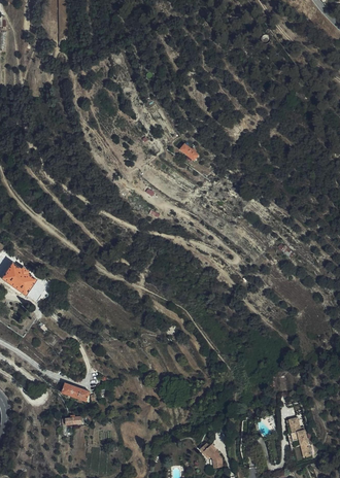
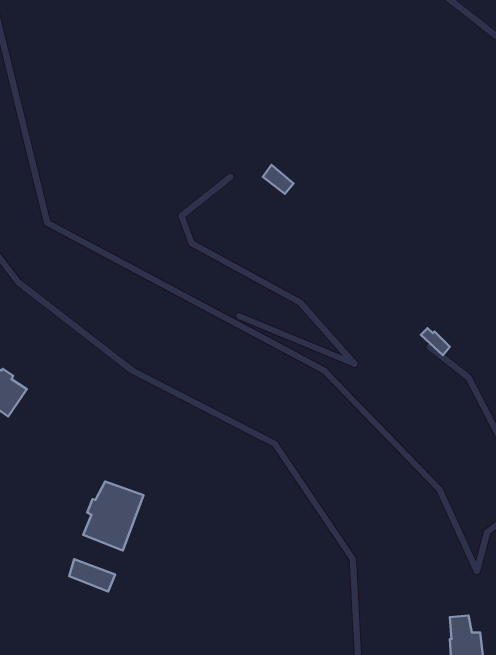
building: none -> [83,482,143,550]

